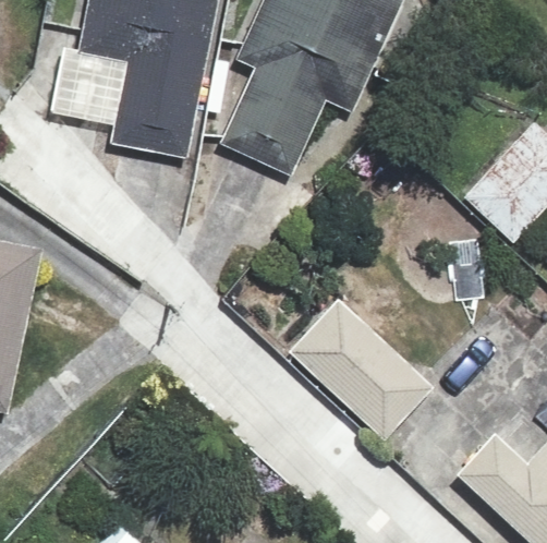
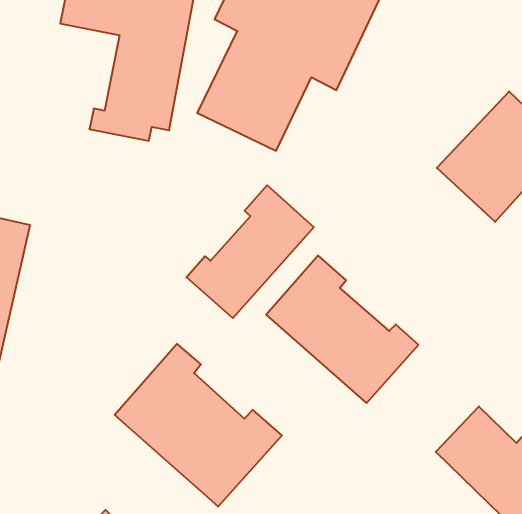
building: none -> [186,185,314,318]
building: none -> [115,344,282,507]

